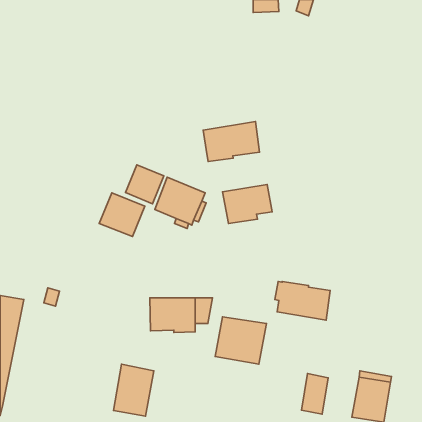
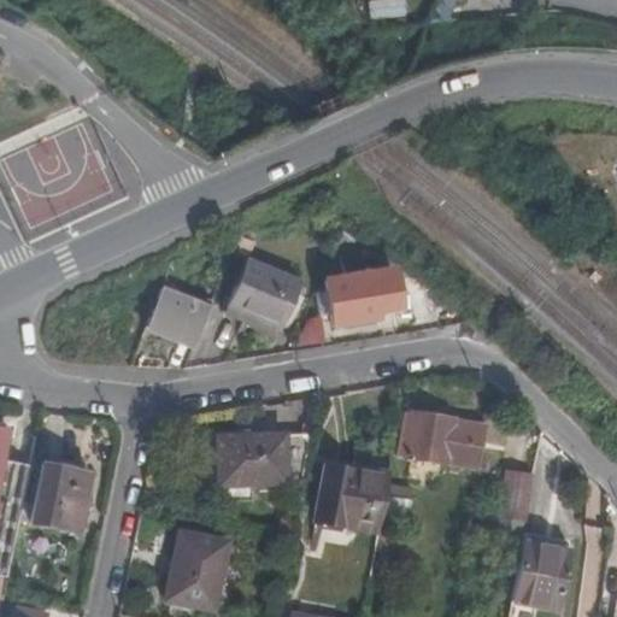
building: [203,121,259,161] -> none
building: [125,165,164,204] -> none
building: none -> [31,463,88,531]
building: [302,374,328,414] -> [496,462,535,521]

